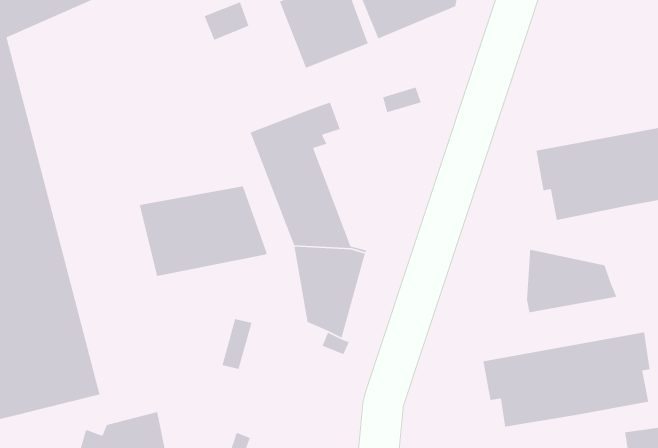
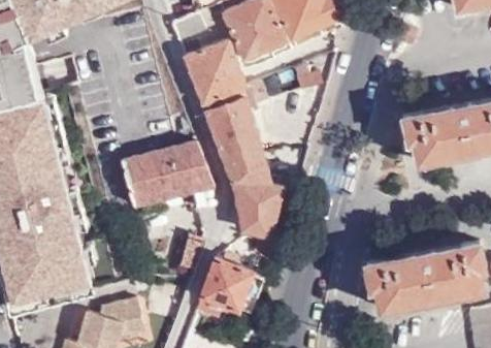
building: none -> [178,41,243,105]
building: [526,249,617,313] -> none
building: none -> [194,254,254,318]

